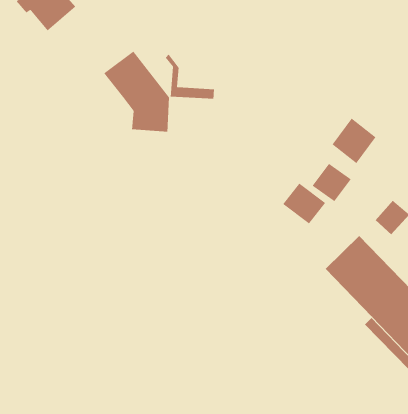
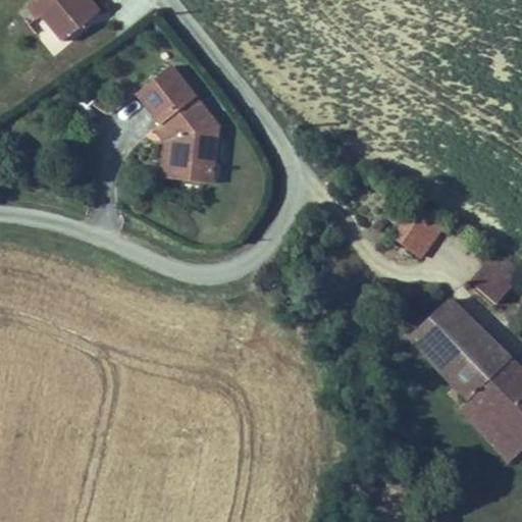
building: [165,54,215,100] -> [154,125,216,182]
building: [332,118,377,164] -> none
building: [282,183,326,224] -> none

